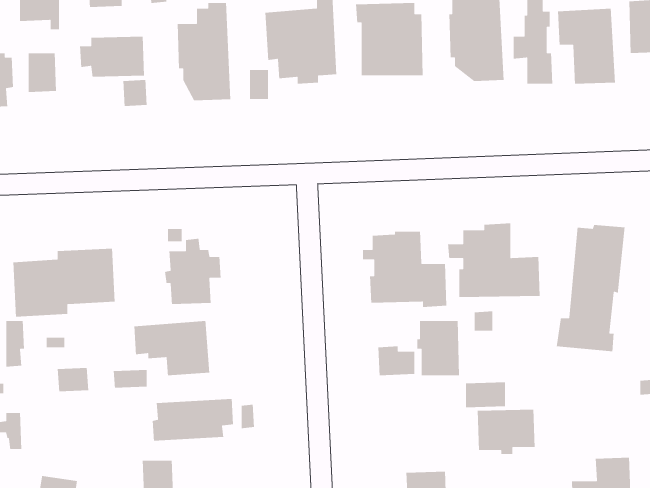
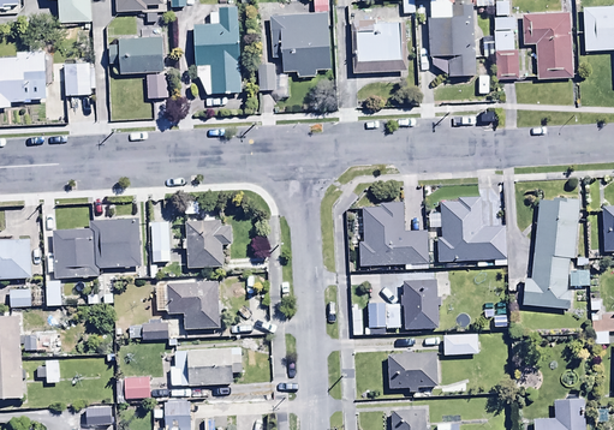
building: none -> [153,221,171,262]
building: [57,367,89,392] -> [124,377,151,399]
building: [477,409,535,455] -> [387,353,437,393]

